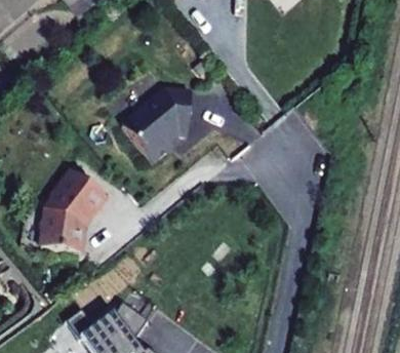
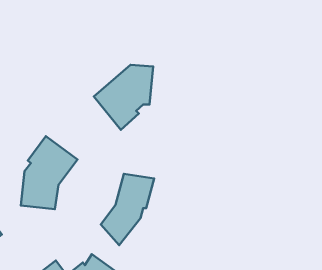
building: none -> [101,174,154,245]

